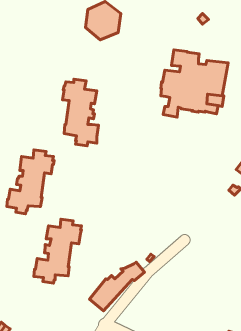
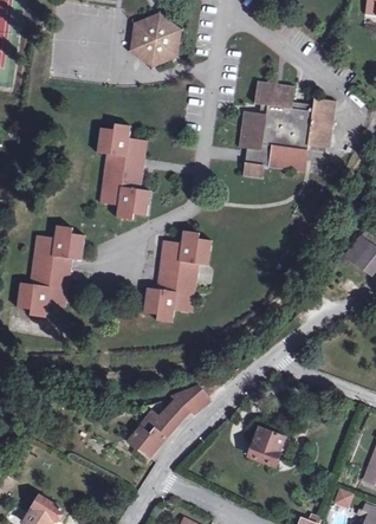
building: [34,219,81,283] -> [141,229,209,322]
building: none -> [245,426,296,464]

